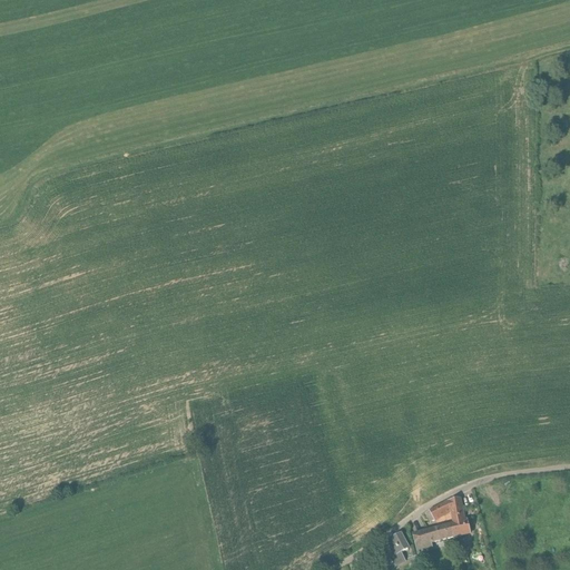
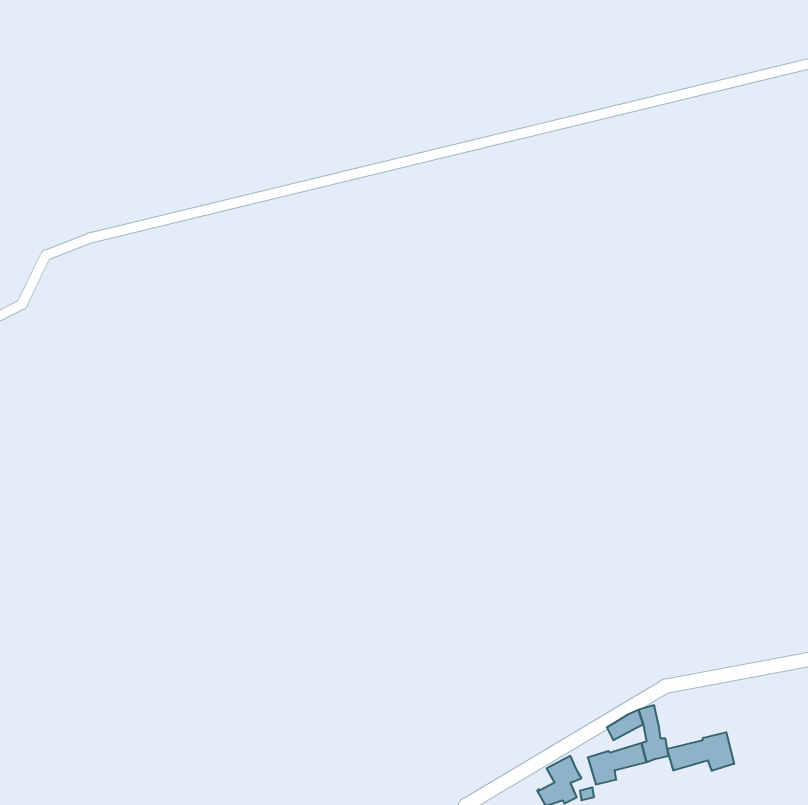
building: none -> [667,732,734,771]

